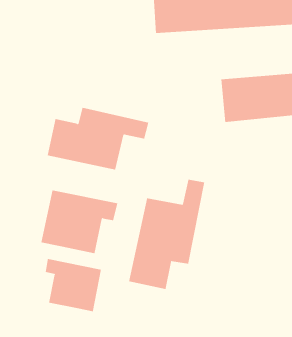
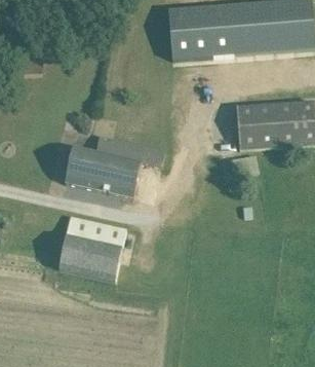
building: [129,179,205,290] -> none
building: [45,258,101,312] -> none

